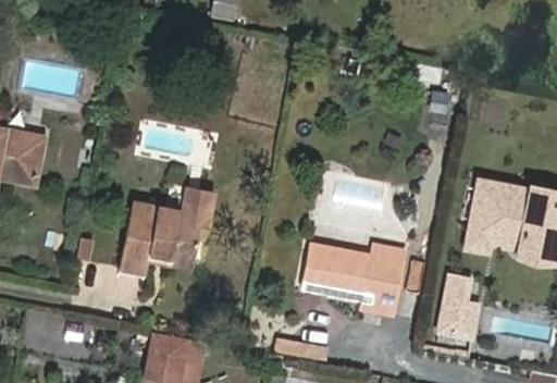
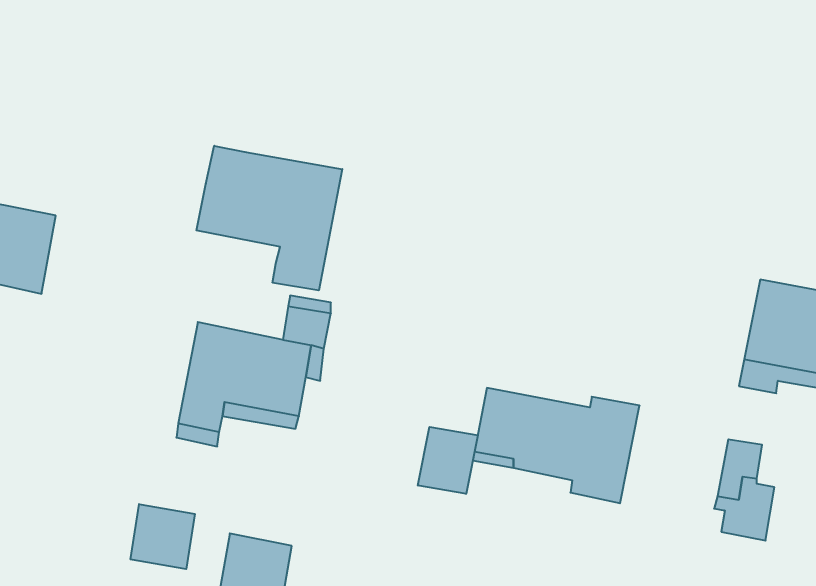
building: none -> [196,146,342,290]
building: none -> [418,427,478,494]
building: none -> [131,504,195,569]

